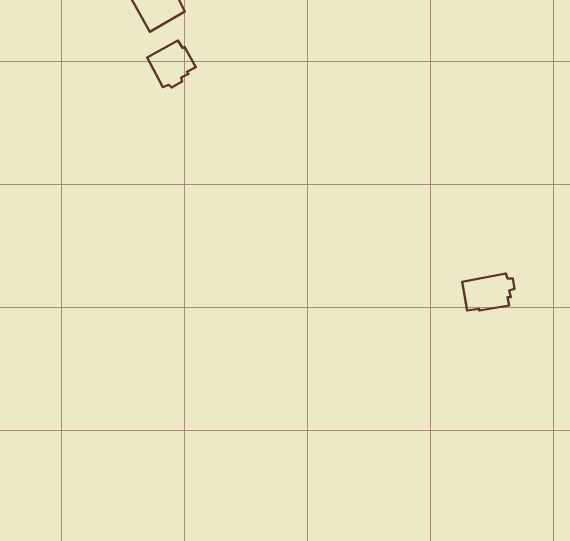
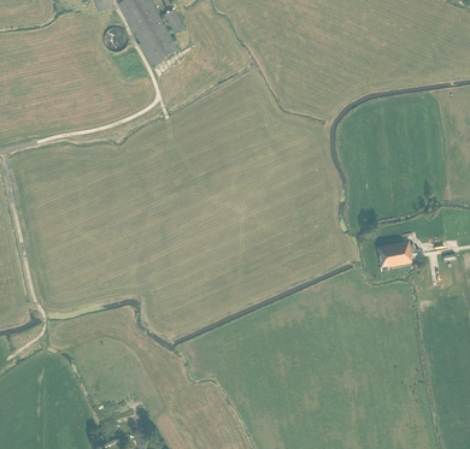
building: [147,40,196,87] -> none

